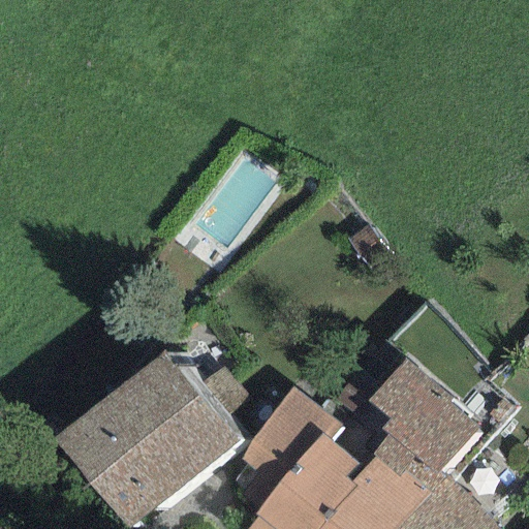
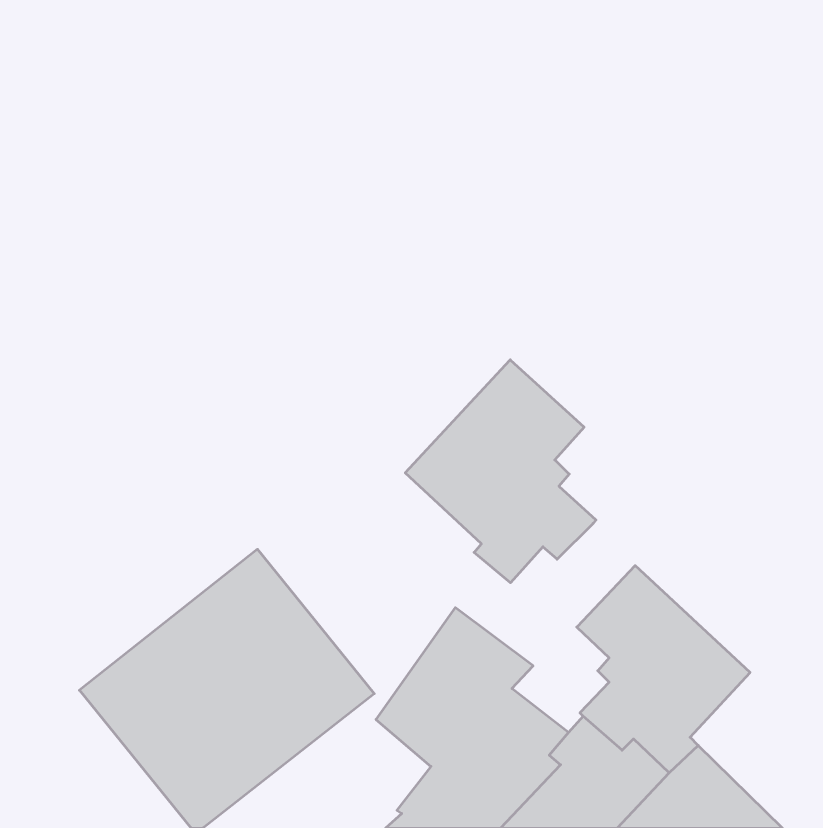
building: none -> [405,360,596,583]

